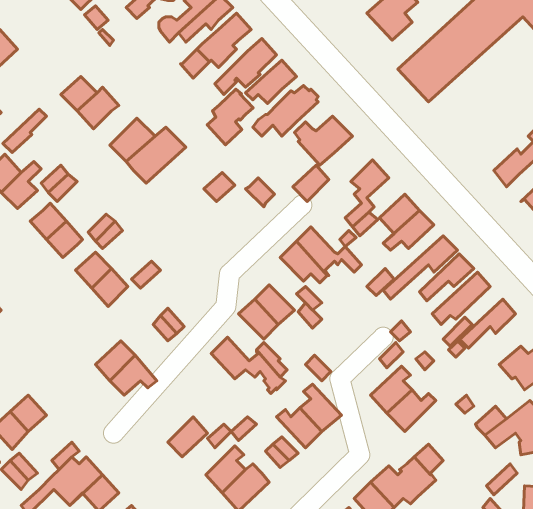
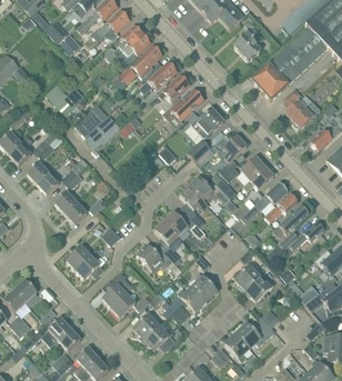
building: none -> [282,89,320,128]
building: [207,89,253,145] -> none
building: none -> [101,271,132,308]

